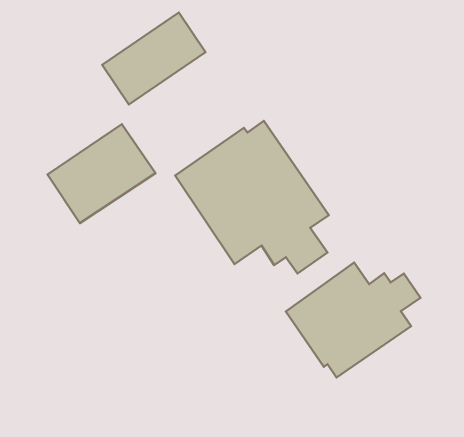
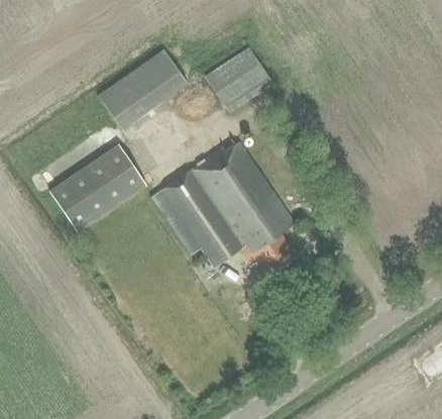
building: none -> [205,47,272,113]
building: [286,263,420,378] -> none

